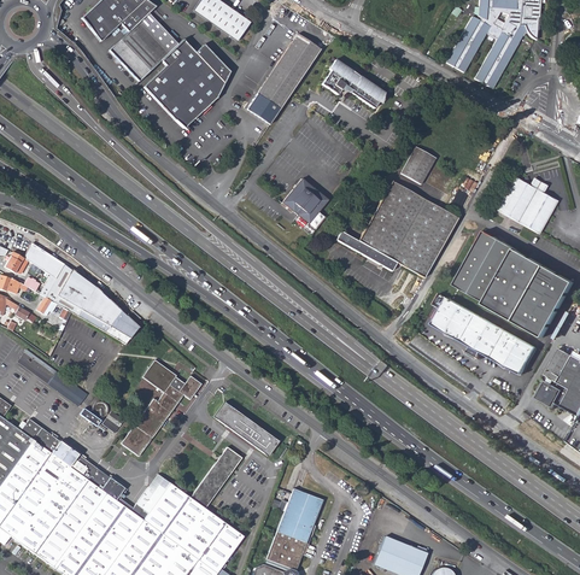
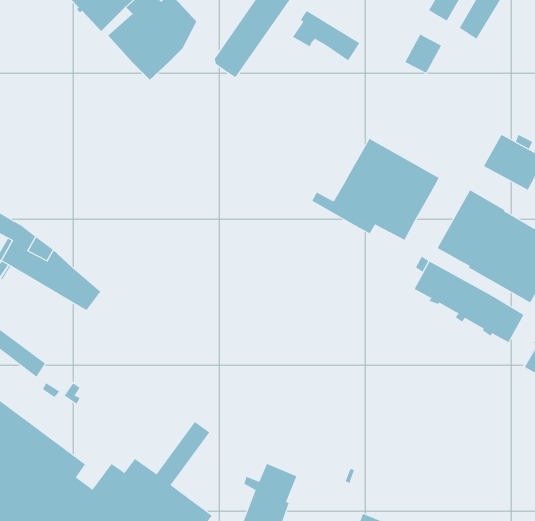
building: [399,146,434,183] -> [405,34,442,74]
building: [282,178,328,235] -> none
building: [121,359,201,456] -> none
building: [213,401,277,456] -> none

